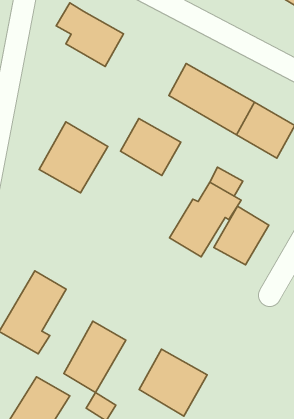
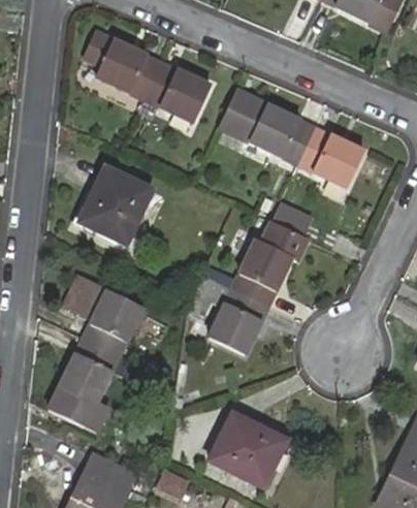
building: [121,119,181,176] -> [143,62,211,124]
building: [214,206,269,265] -> [209,287,268,352]
building: none -> [65,277,143,354]
building: [64,321,126,392] -> none

